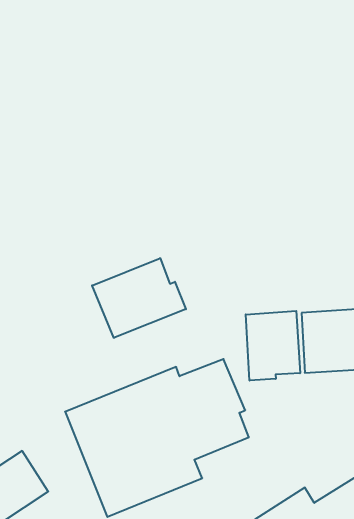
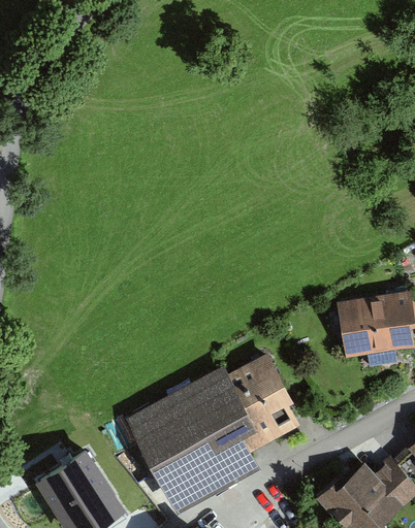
building: [92,258,186,338] -> none
building: [246,311,300,381] -> none

